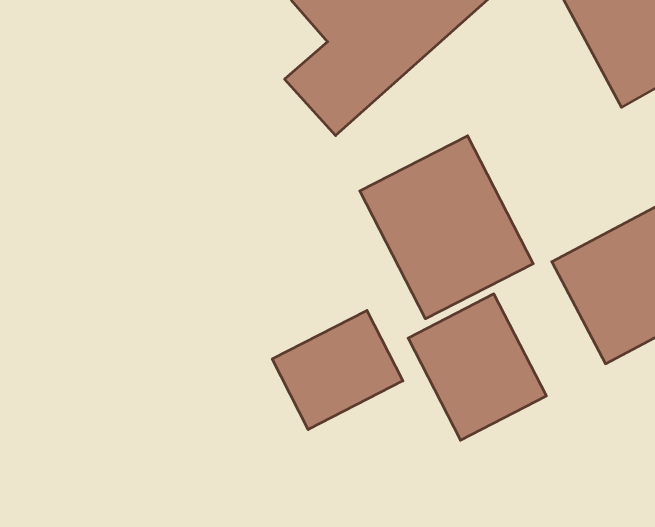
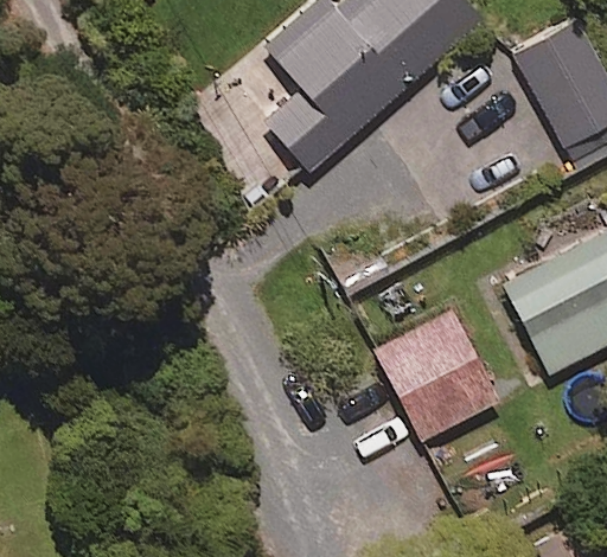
building: [360,136,533,319] -> none
building: [272,310,403,430] -> none

